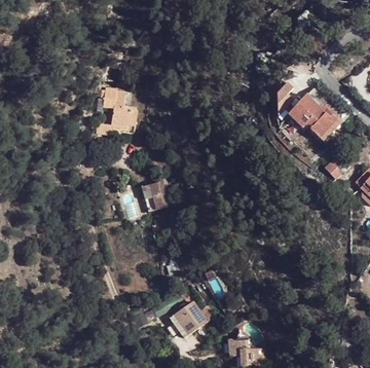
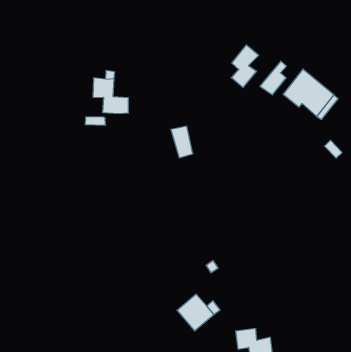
building: none -> [231,45,259,88]
building: [142,183,161,213] -> [171,126,193,158]

